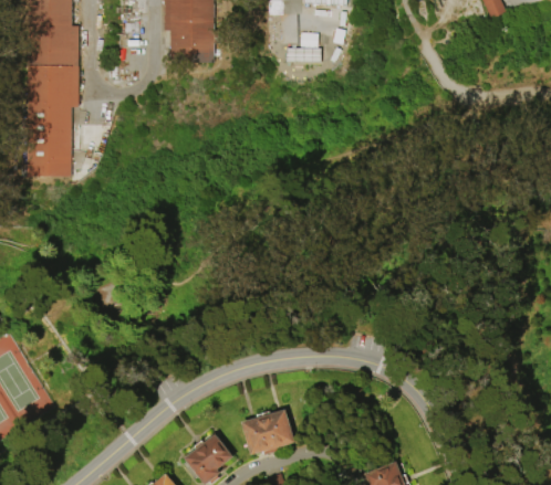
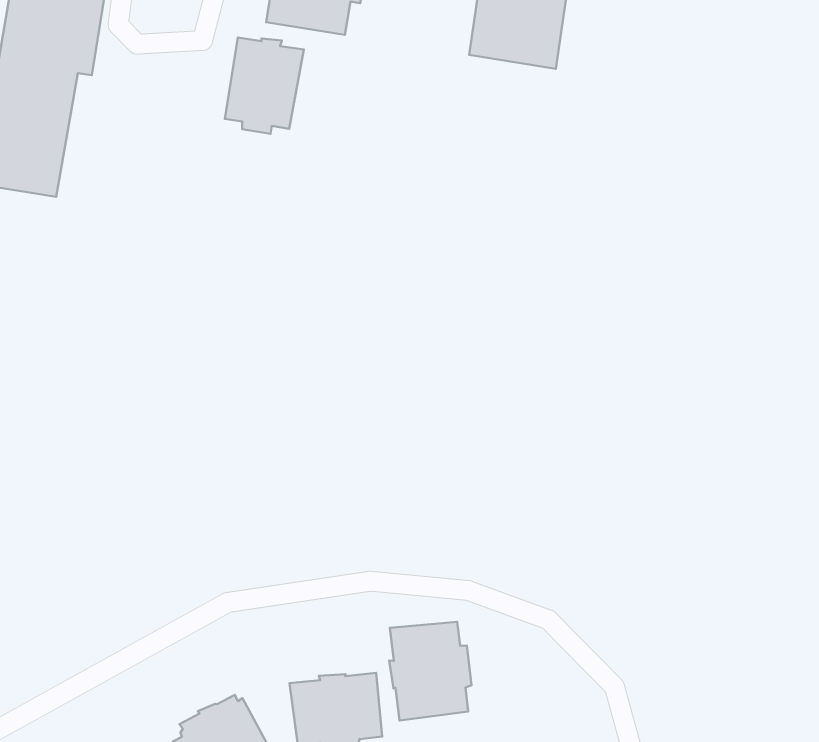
building: none -> [225,38,304,134]
building: none -> [389,622,471,721]

